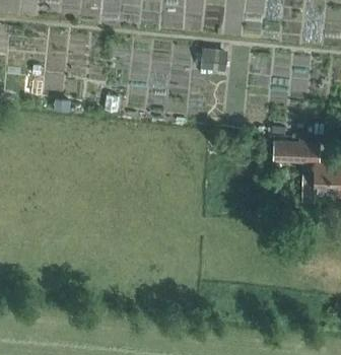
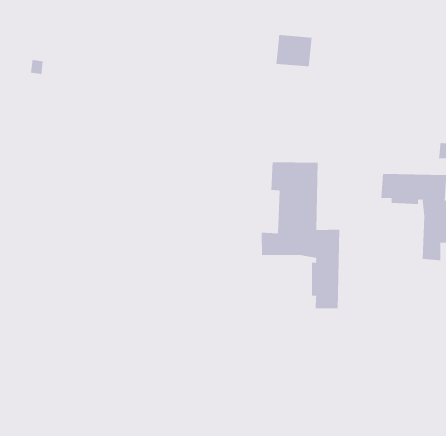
building: none -> [261,162,340,309]

